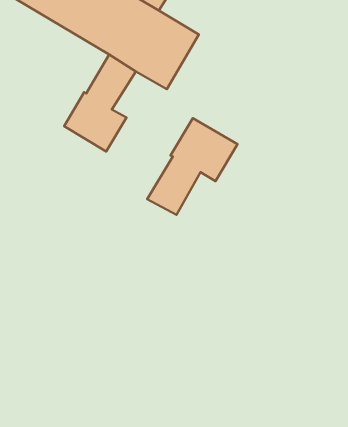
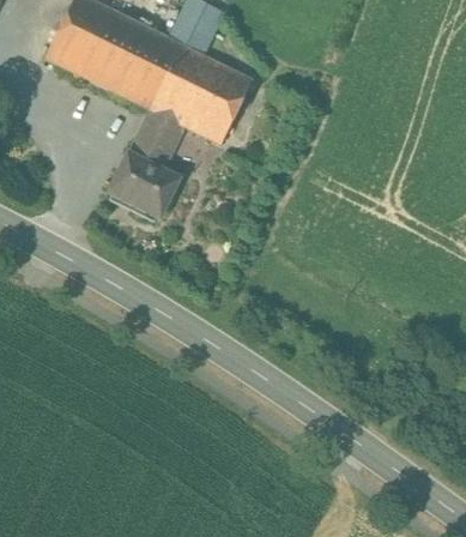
building: [147,118,237,215] -> none

